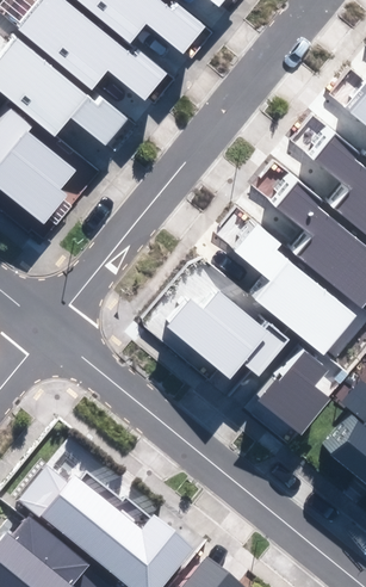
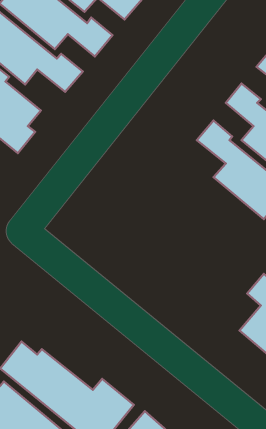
building: [232,222,355,353] -> none
building: [166,291,289,377] -> none
building: [258,350,330,434] -> none

